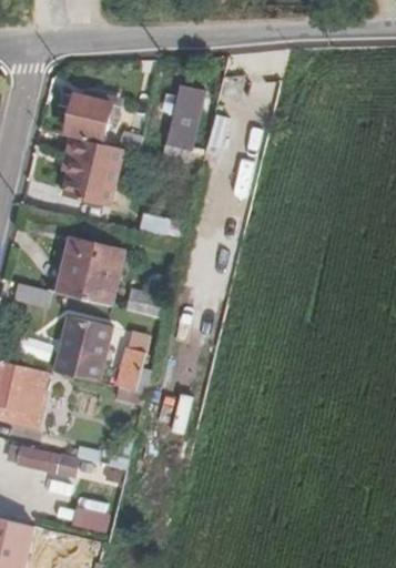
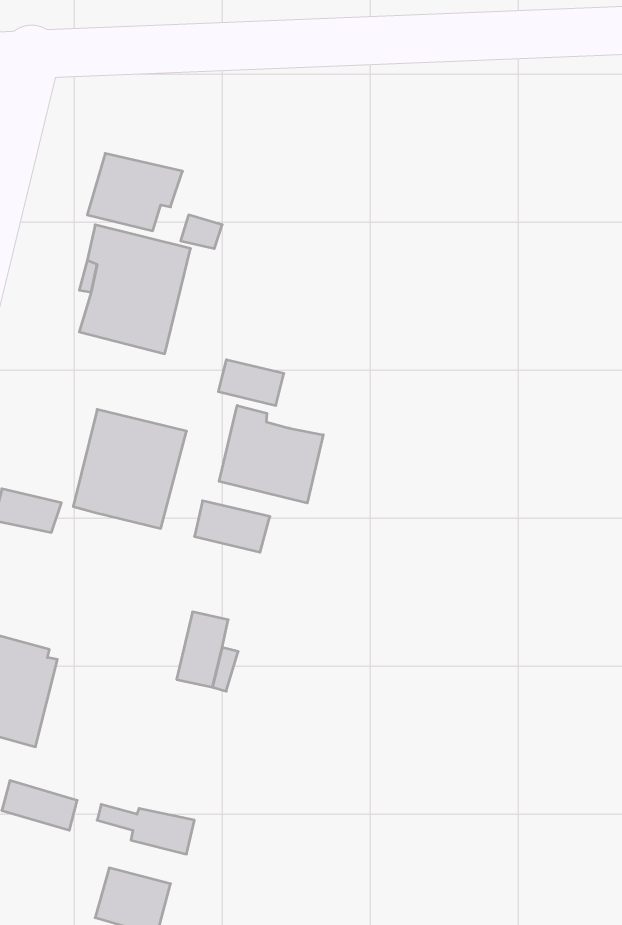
building: [167,83,202,135] -> none
building: none -> [219,405,323,503]
building: [52,316,111,384] -> none

